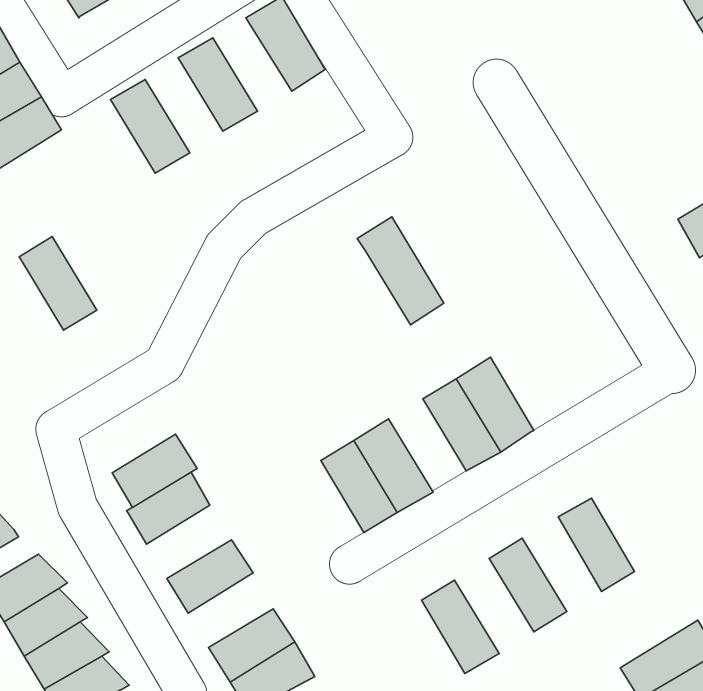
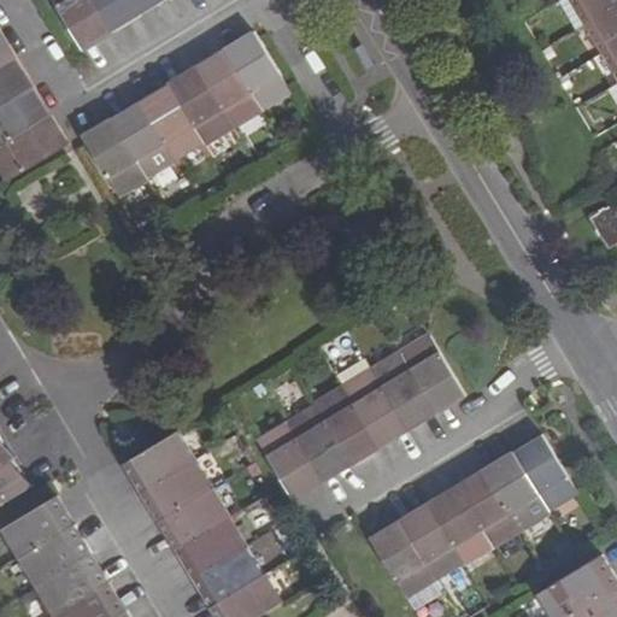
building: none -> [195,49,262,128]
building: none -> [139,83,204,163]
building: [357,217,444,325] -> [335,357,407,447]
building: [19,237,97,330] -> [82,118,147,196]
building: [112,434,197,507] -> [140,458,211,519]
building: none -> [258,421,322,498]
building: none -> [512,434,577,513]
building: none -> [454,468,521,547]
building: none -> [398,503,464,582]
building: none -> [175,515,246,577]

